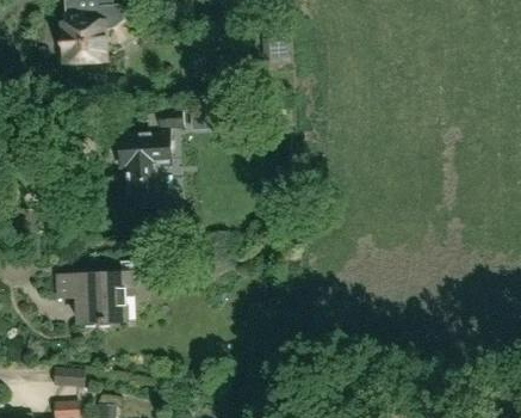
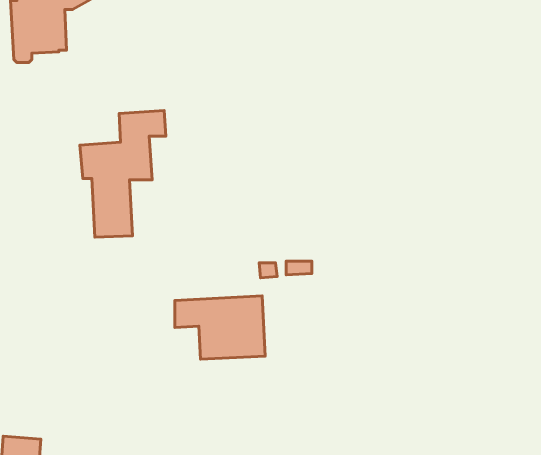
building: [56,272,128,322] -> [175,296,265,359]

